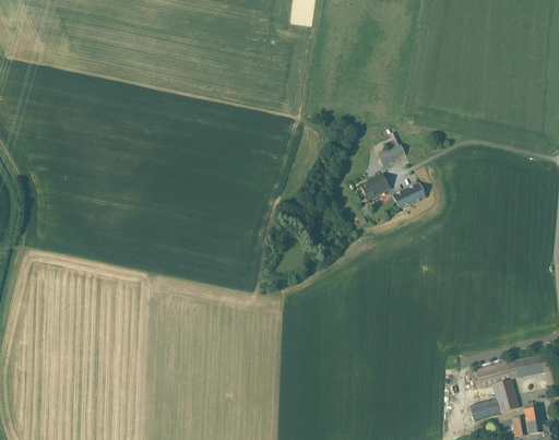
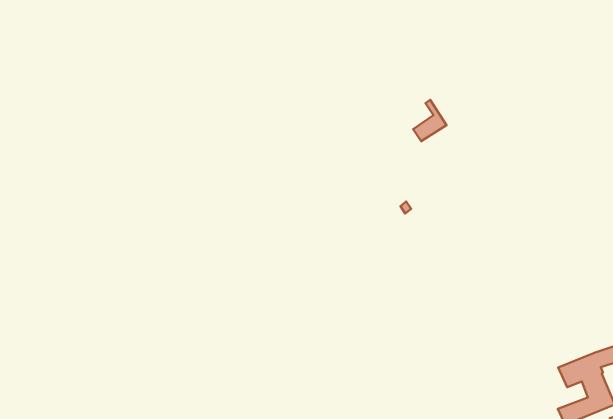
building: [359,174,389,200] -> none
building: [392,182,426,211] -> none

